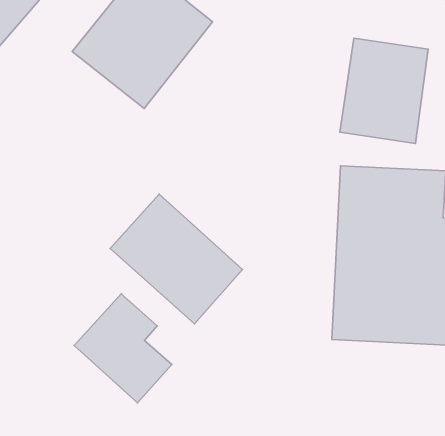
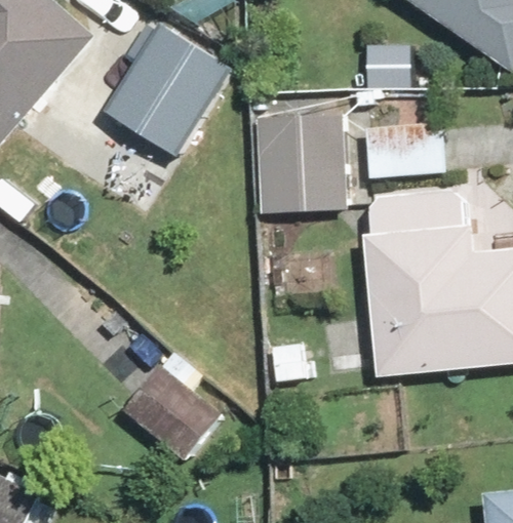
building: none -> [253,110,347,208]
building: [110,194,243,324] -> none

